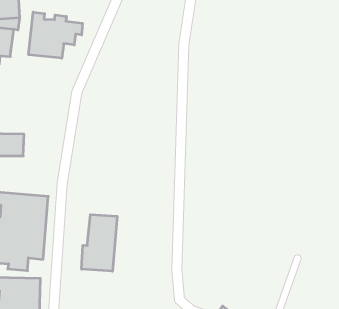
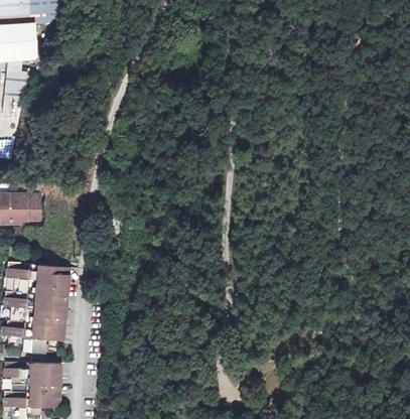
building: [29,12,82,58] -> none
building: [82,215,117,271] -> none

